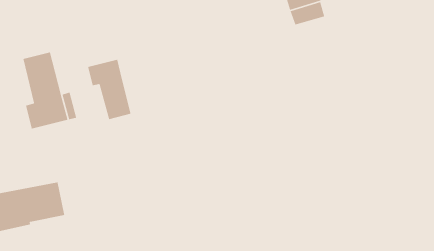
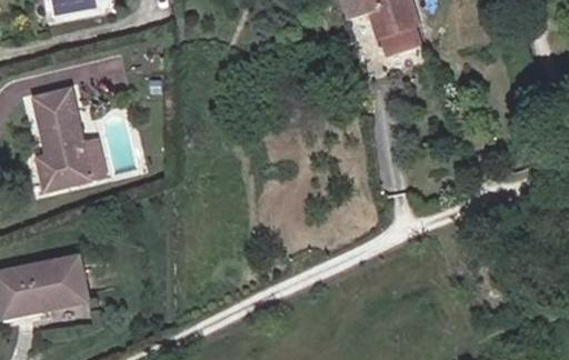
building: [87,59,131,120] -> none

